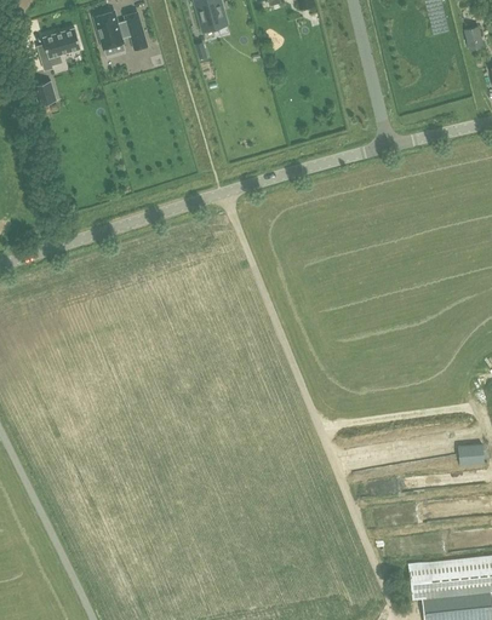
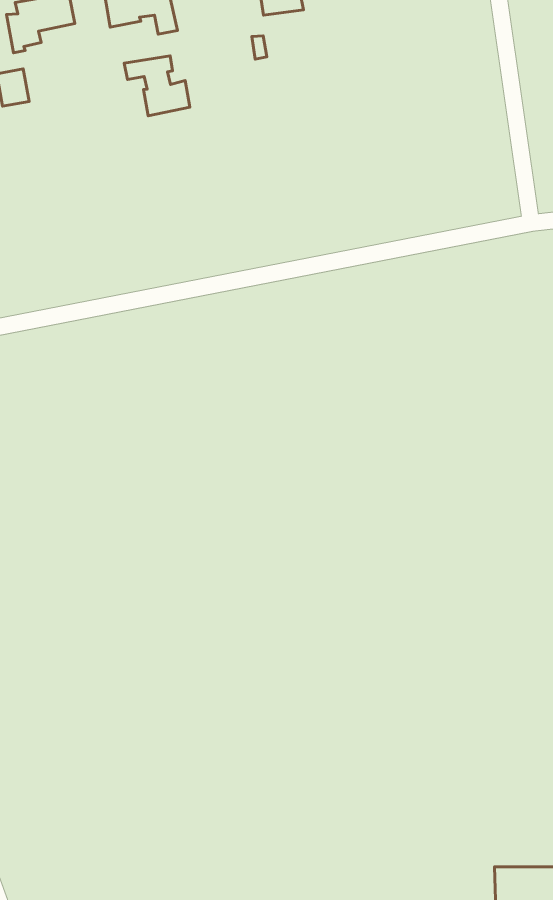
building: none -> [124,56,190,116]

